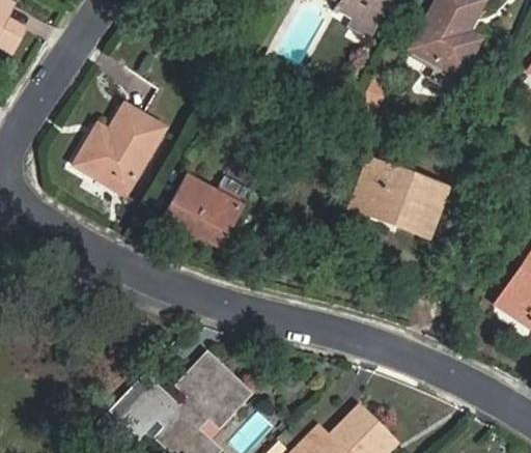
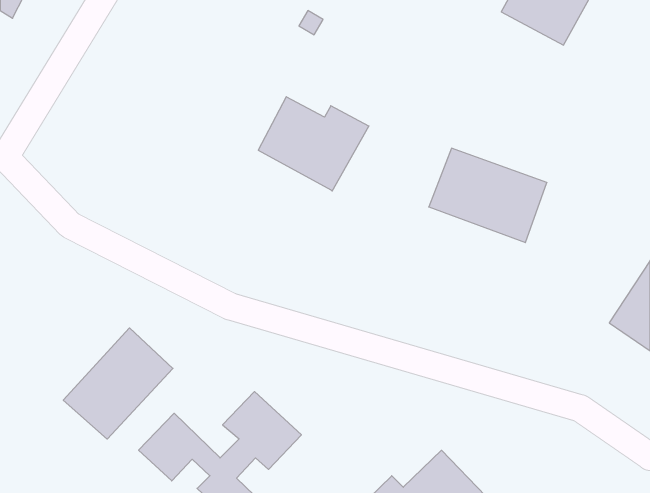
building: [75,105,165,194] -> none
building: [164,175,254,252] -> [258,97,369,191]
building: none -> [63,328,173,439]

